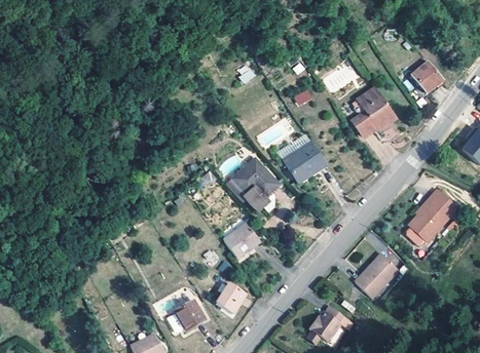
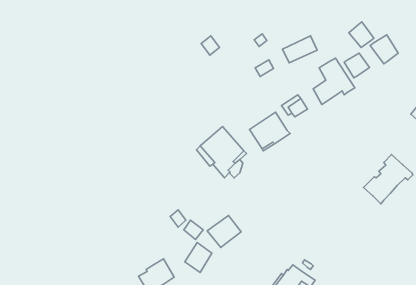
building: none -> [349,22,374,48]
building: none -> [344,53,370,78]
building: [225,220,261,253] -> [207,215,241,247]
building: [354,250,398,296] -> none

